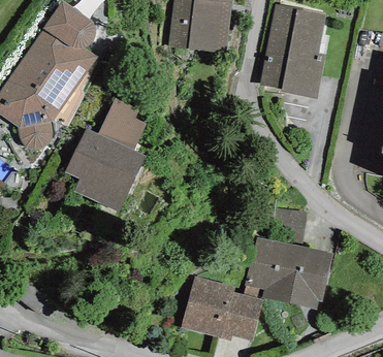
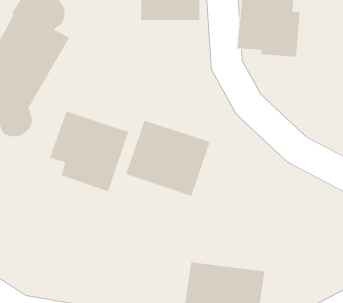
building: [98,96,146,149] -> none
building: none -> [126,120,210,197]
building: [245,245,331,311] -> none

